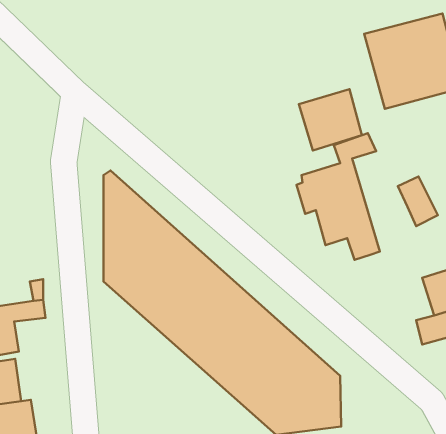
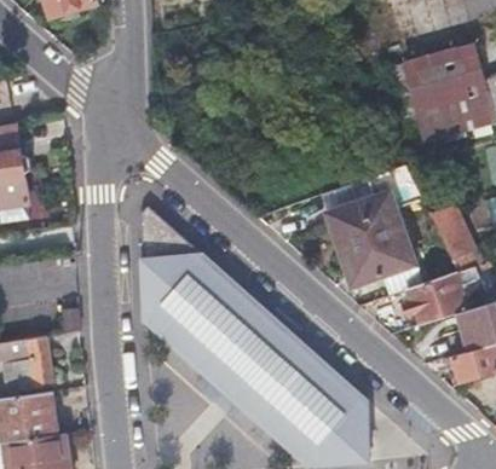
building: [299,89,362,151] -> none
building: none -> [402,272,465,323]

